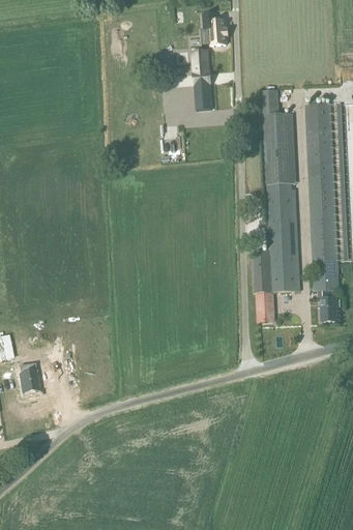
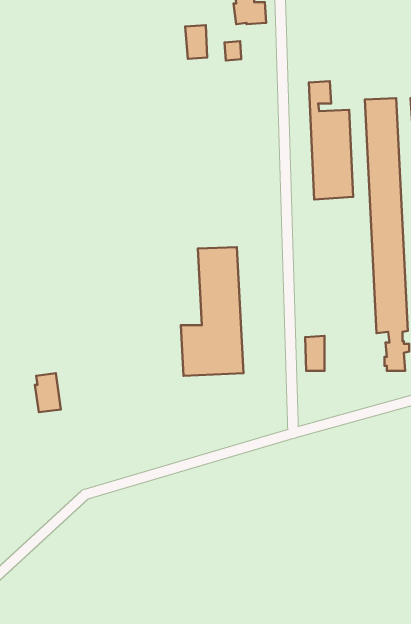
building: [195,82,212,109] -> [185,25,207,59]
building: [252,188,301,291] -> [181,247,243,376]
building: [20,362,40,393] -> [35,373,61,412]

